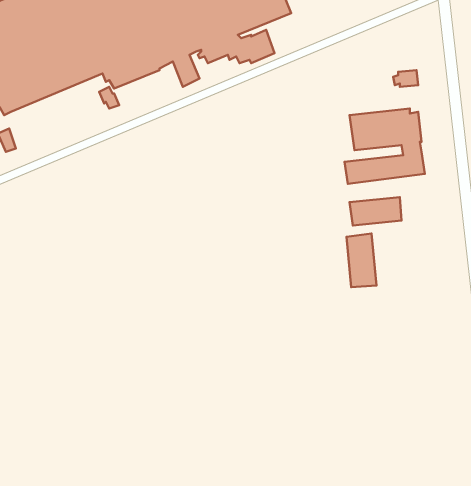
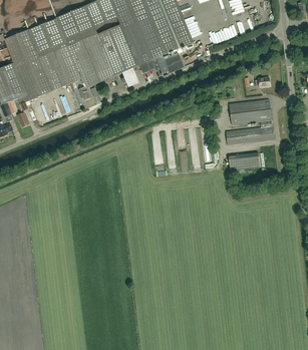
building: [346,234,377,287] -> none

